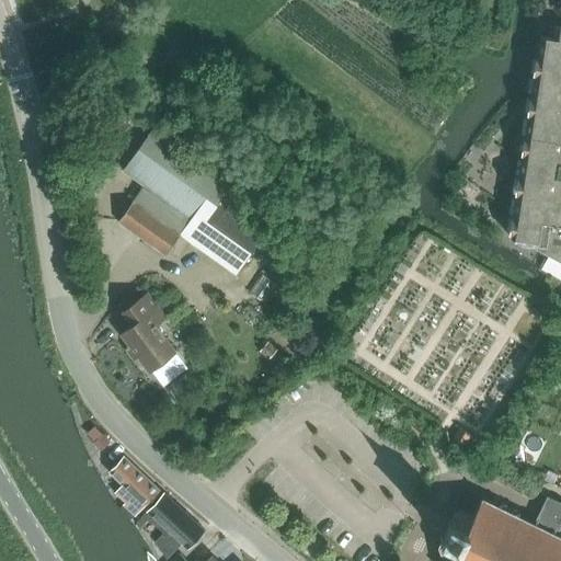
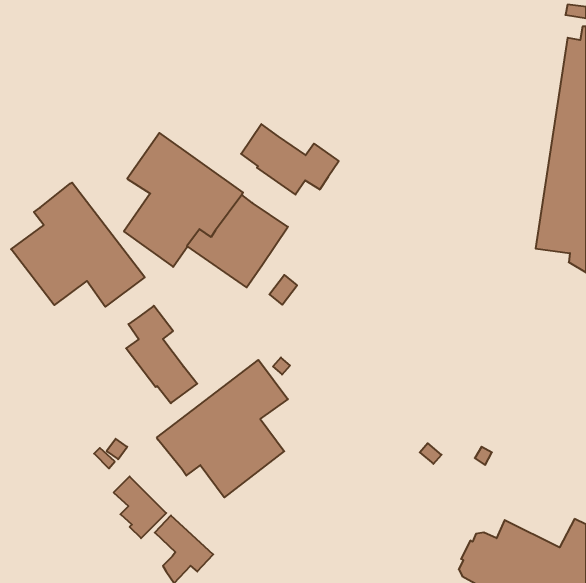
building: none -> [241,124,339,195]
building: none -> [11,183,145,307]
building: none -> [157,360,288,497]

